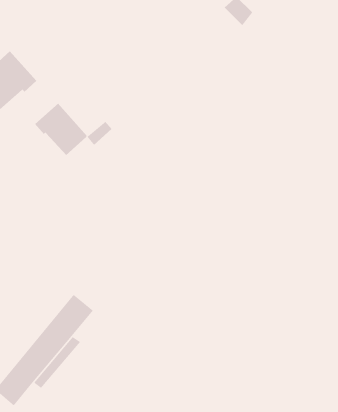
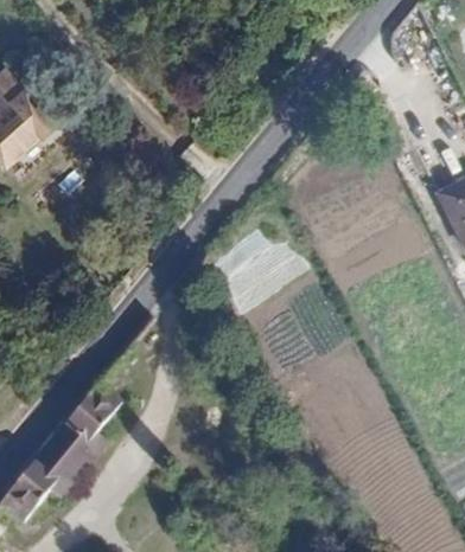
building: [34,103,113,156] -> none

